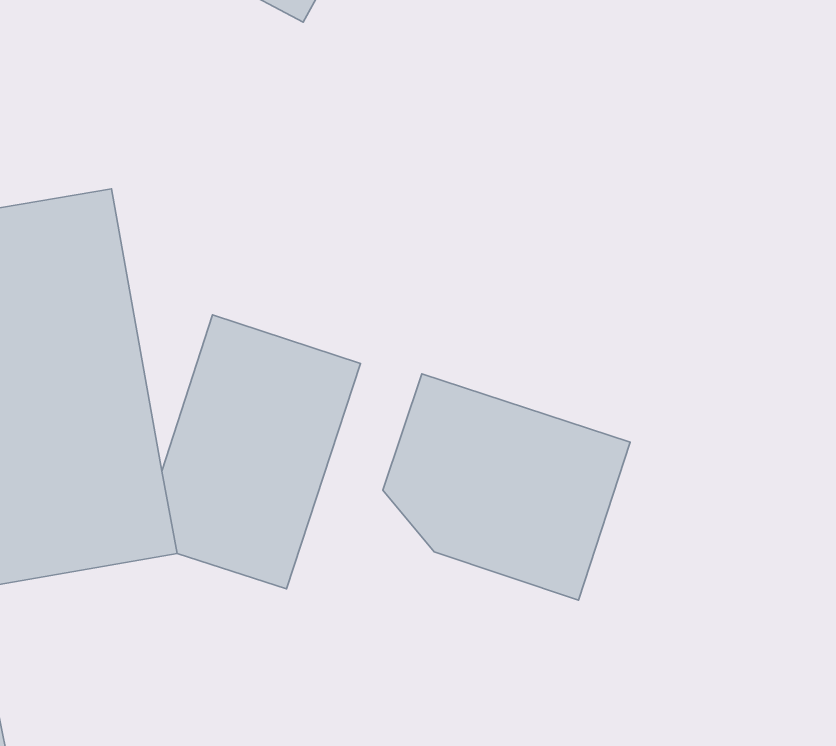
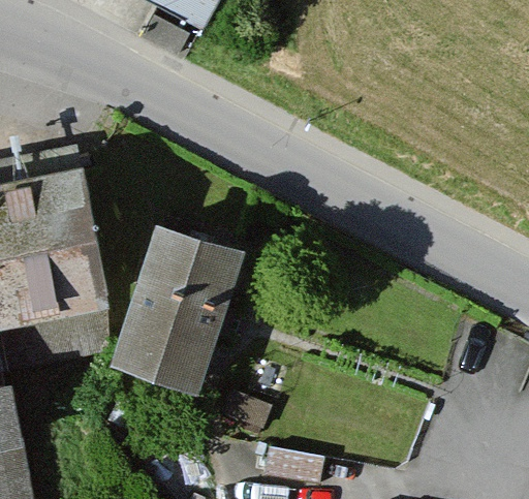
building: [383,374,630,600] -> none

